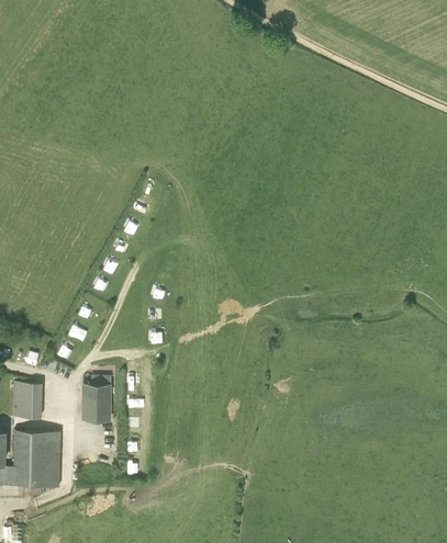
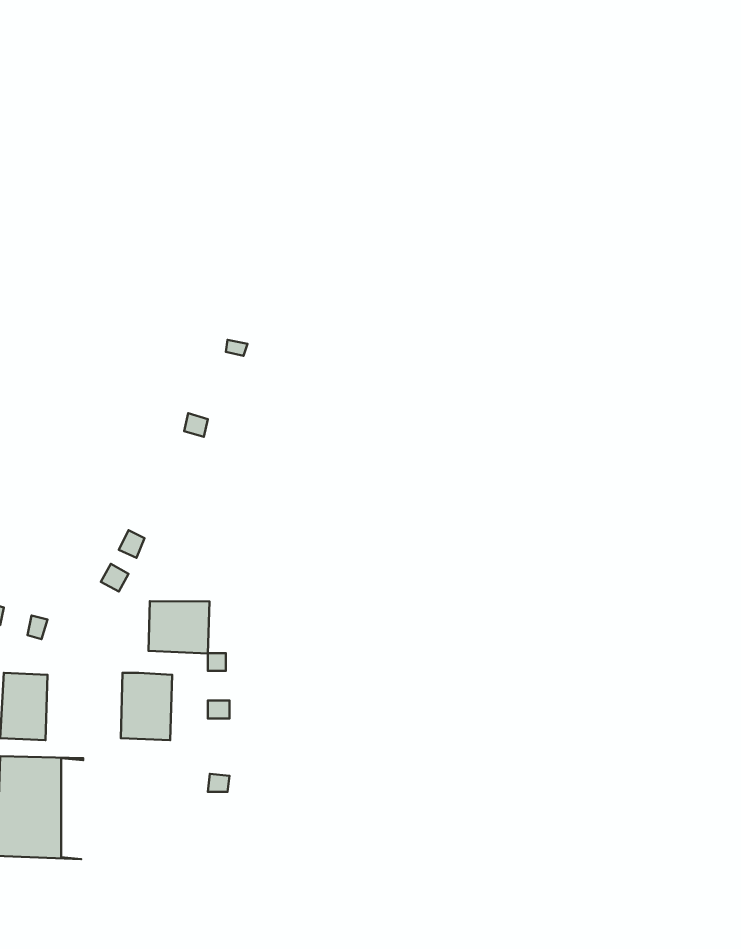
building: none -> [148,601,209,654]

